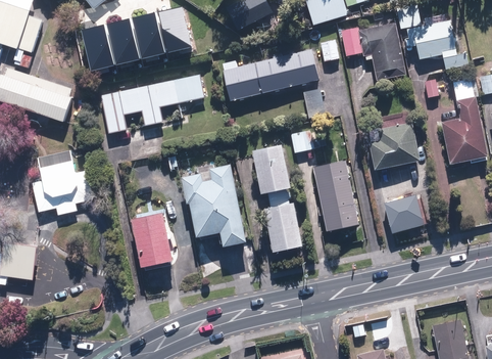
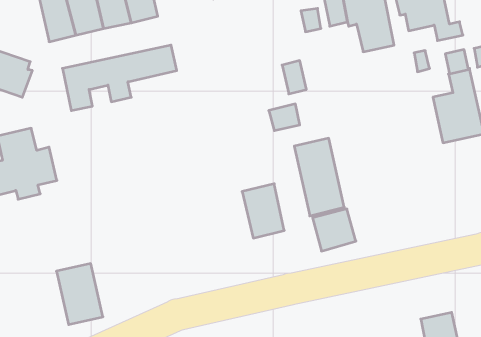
building: [222,49,318,100] -> none
building: [368,122,420,170] -> none
building: [251,144,291,194] -> none
building: [183,164,249,246] -> none
building: [383,194,423,233] -> [313,209,356,251]
building: [132,211,175,267] -> [56,264,103,325]

